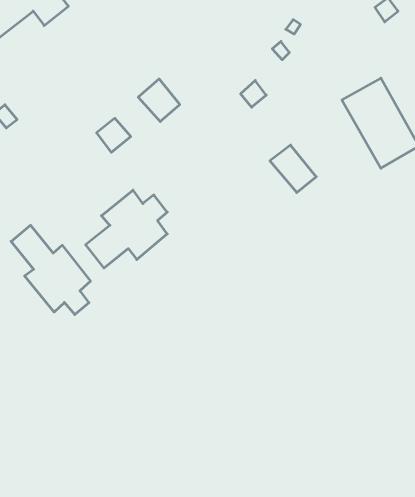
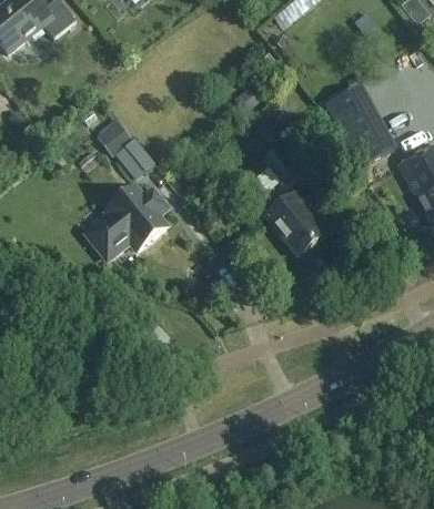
building: [138,79,180,122] -> [115,138,153,176]
building: none -> [265,190,325,255]
building: [11,225,90,315] -> none

